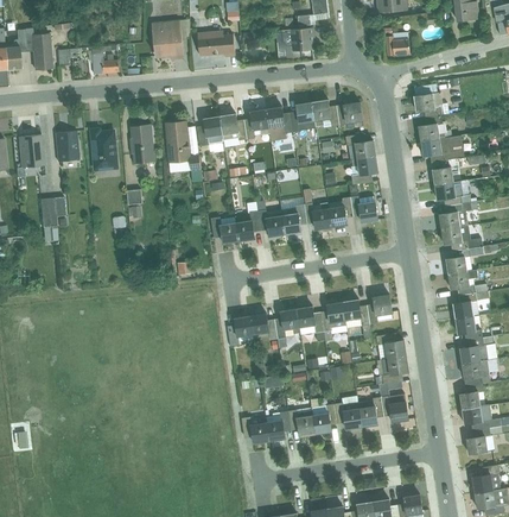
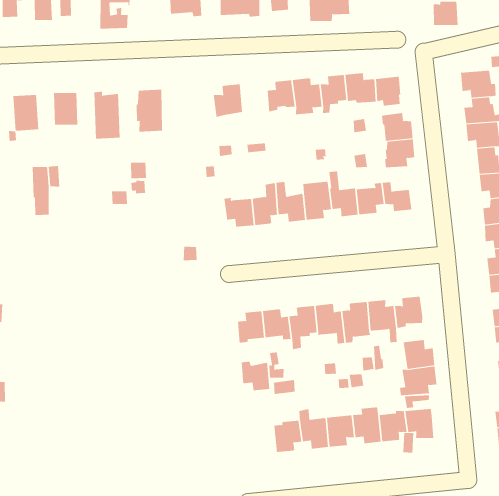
building: [219,113,246,146] -> none
building: [165,120,199,170] -> none
building: [241,416,268,442] -> [241,361,270,391]

